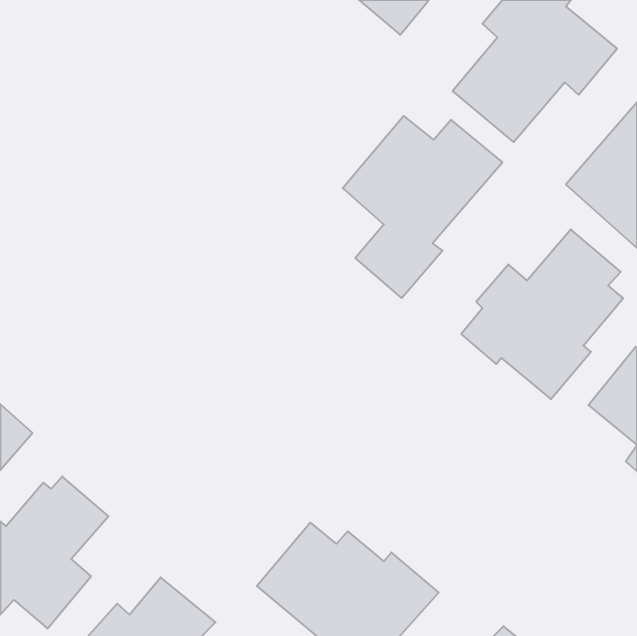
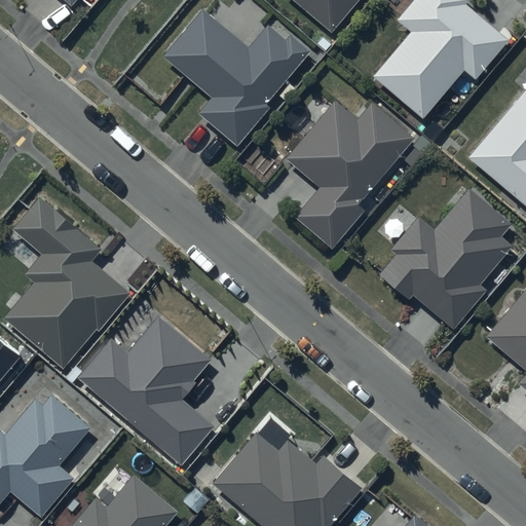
building: none -> [163,11,311,146]
building: none -> [4,196,130,369]
building: none -> [77,315,213,463]

